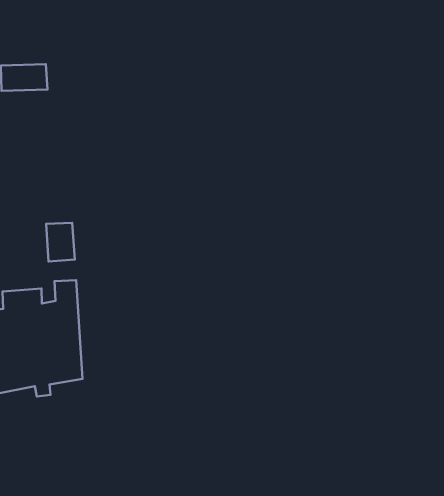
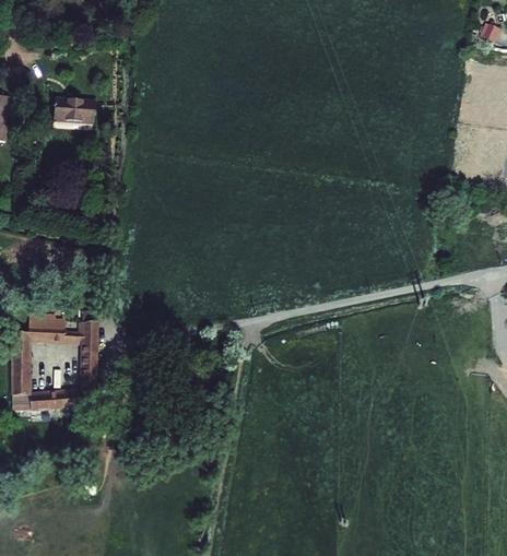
building: [46,223,75,262] -> none

